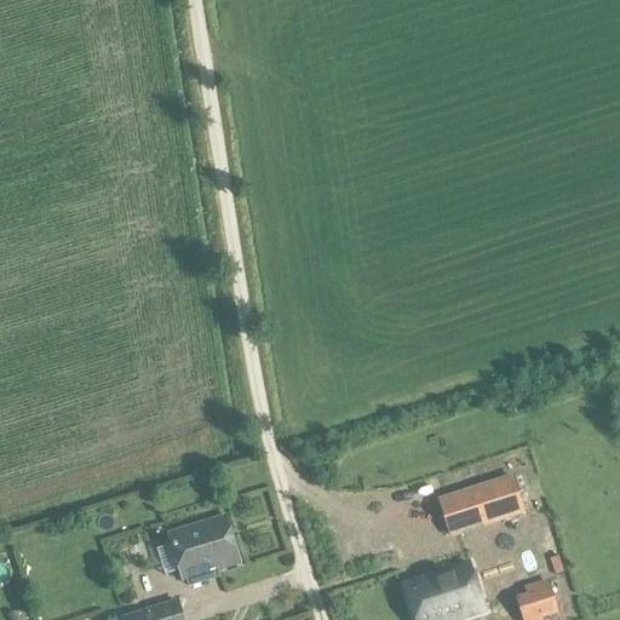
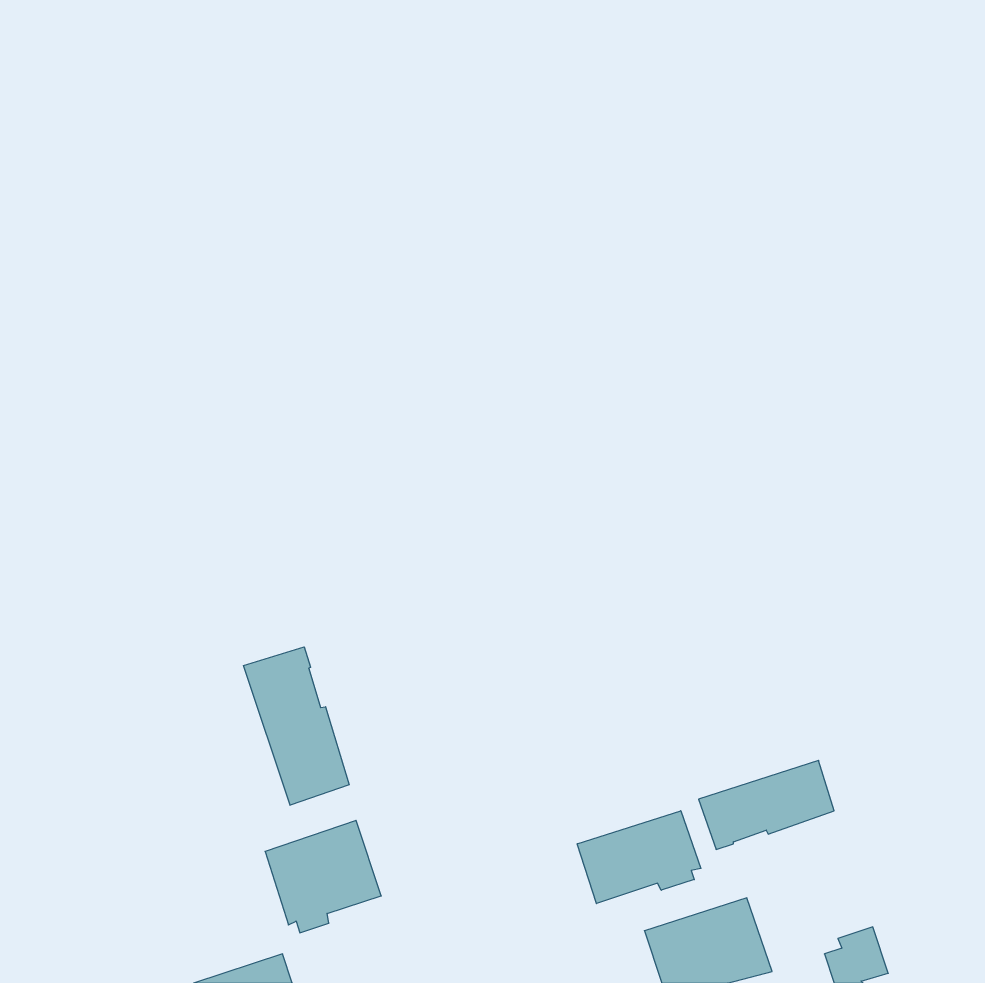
building: none -> [244,647,349,805]
building: none -> [577,811,701,904]

